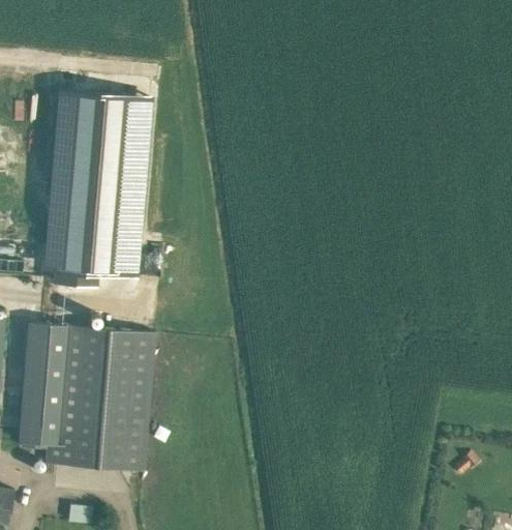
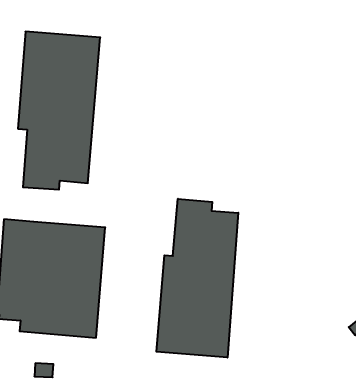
building: none -> [156,199,238,358]

